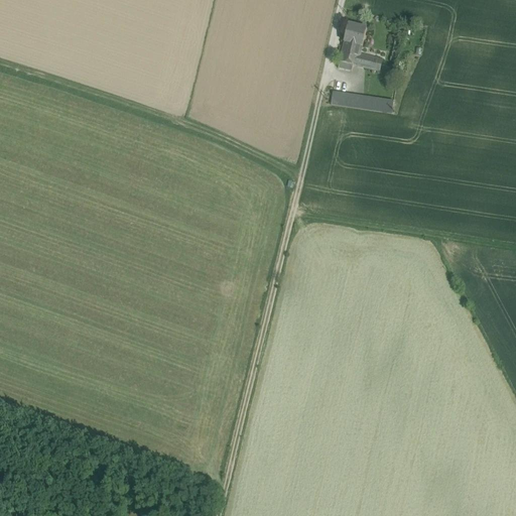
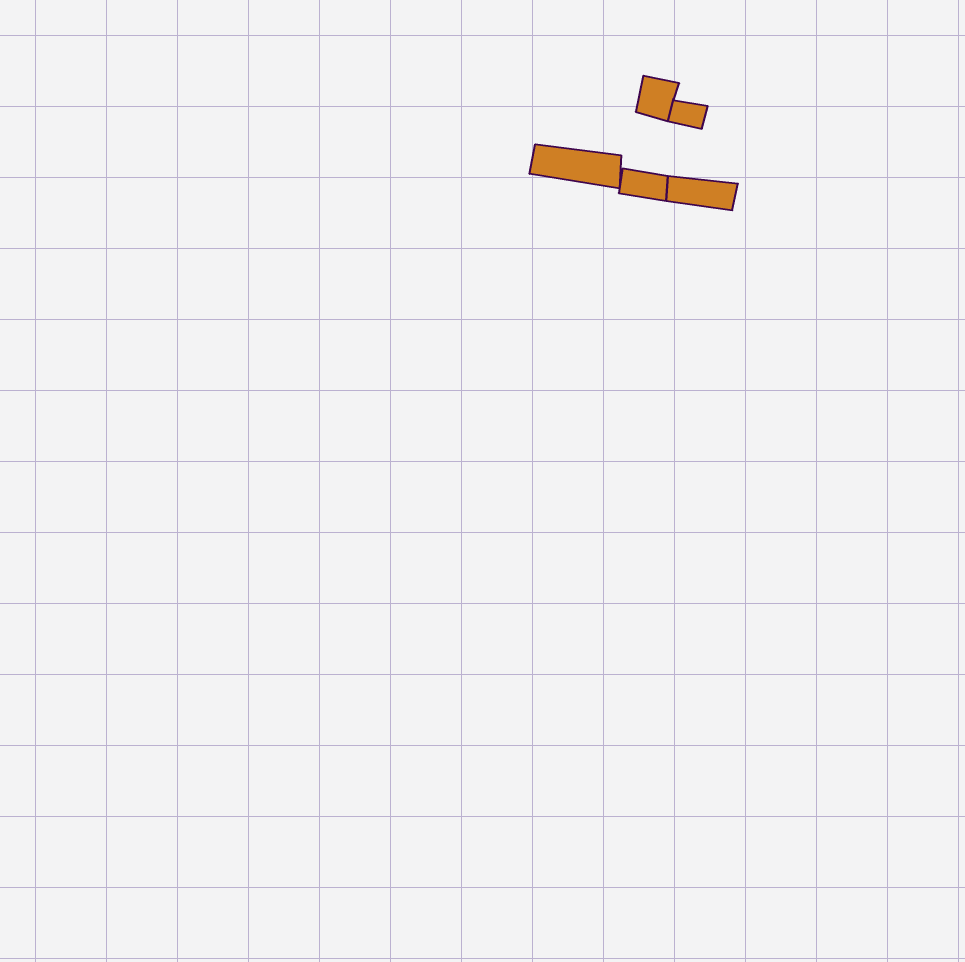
building: [343,22,366,44] -> none
building: none -> [530,144,621,188]

